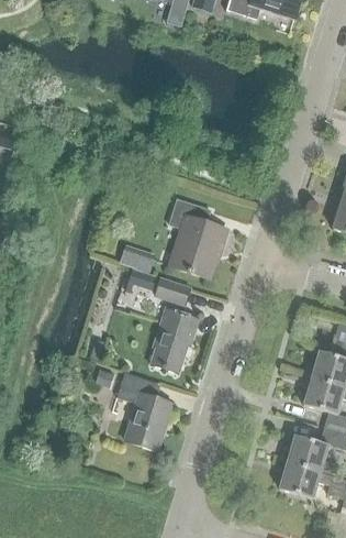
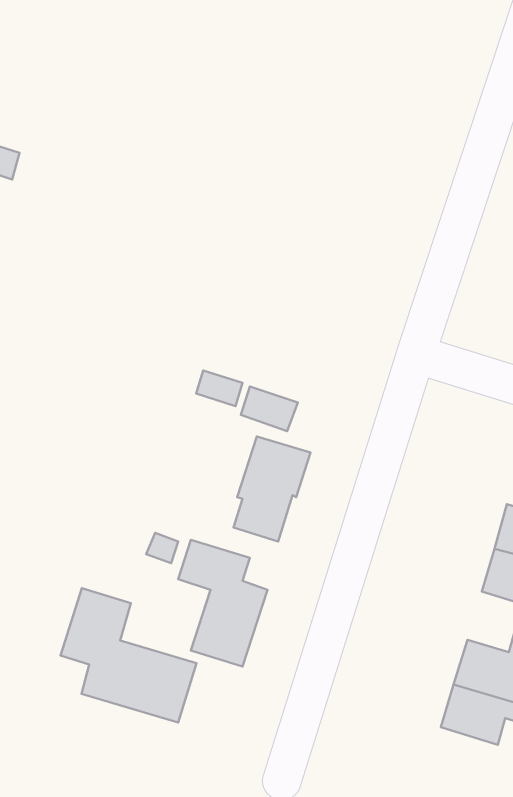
building: [168,199,227,278] -> none
building: [120,244,155,272] -> none
building: none -> [60,588,197,722]

